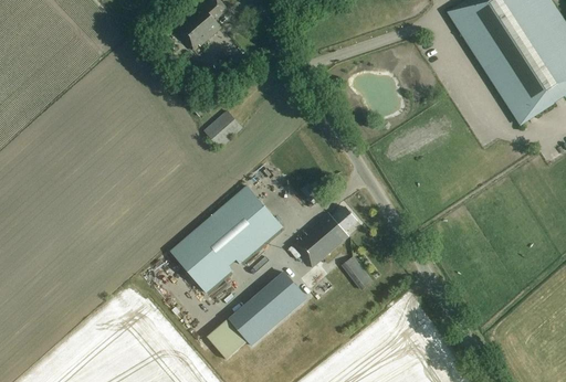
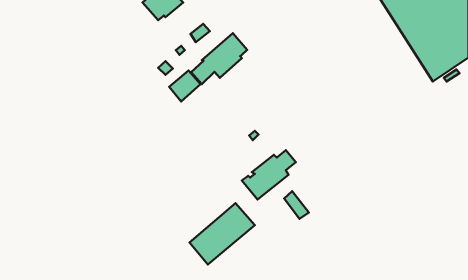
building: none -> [191,33,247,84]
building: [170,185,283,293] -> none

